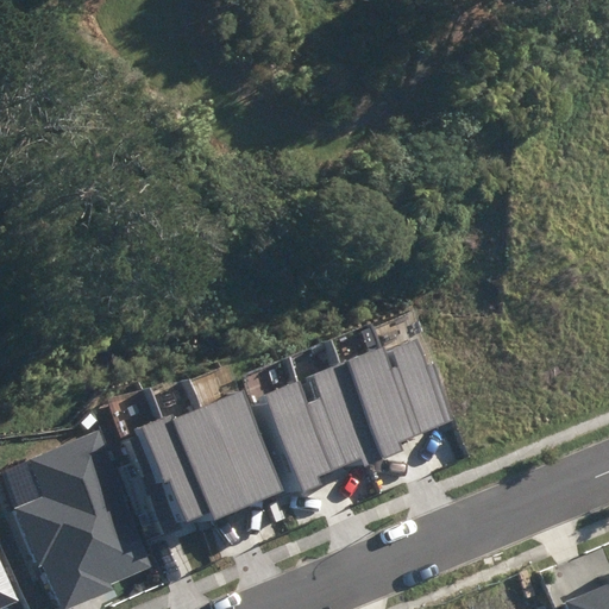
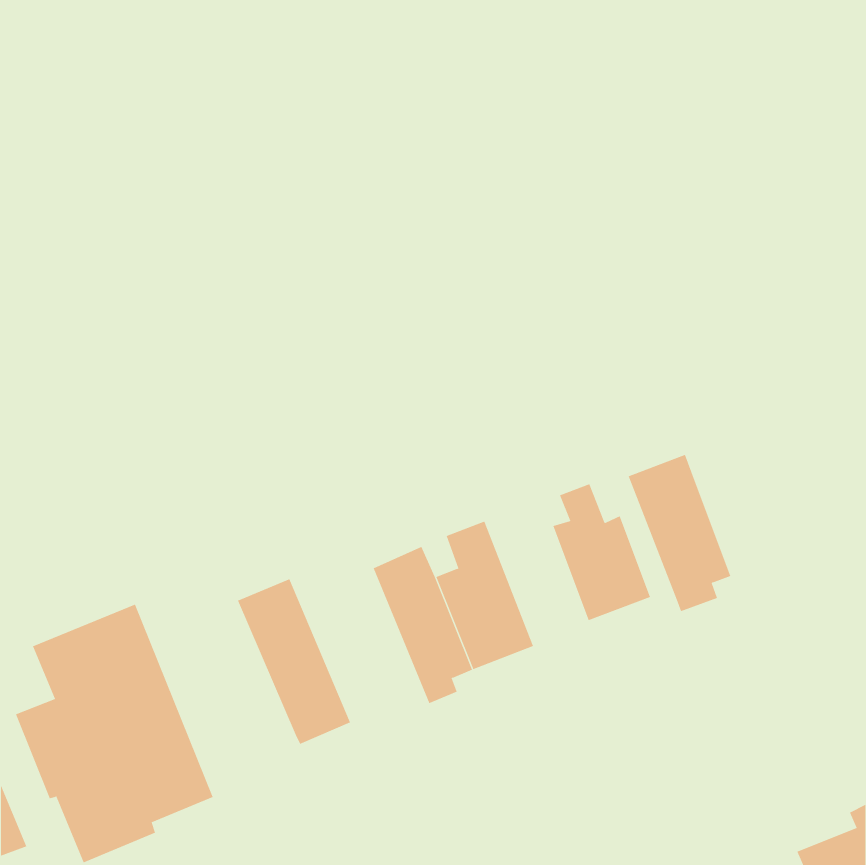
building: [340,351,413,462] -> [628,454,731,612]
building: [203,390,285,508] -> none
building: [120,420,207,536] -> none

